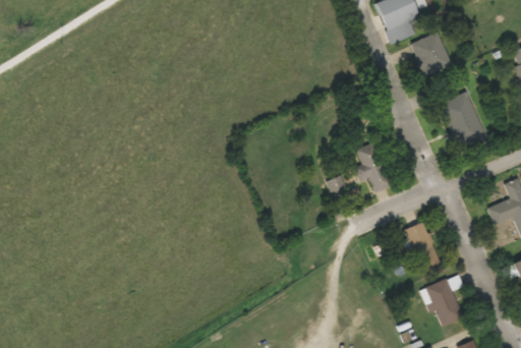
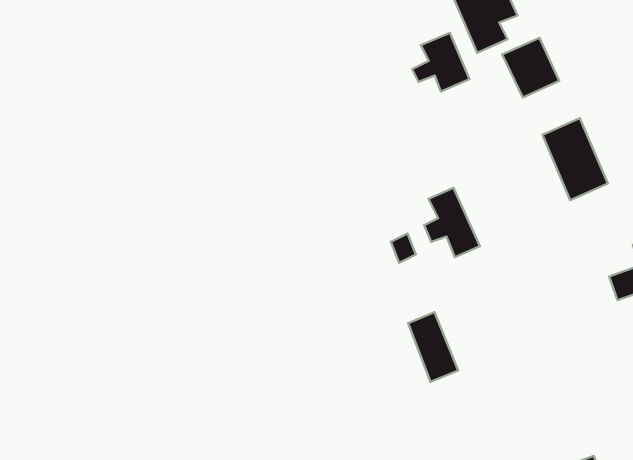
building: none -> [412,33,470,92]
building: [405,222,442,273] -> [408,312,458,382]
building: [422,279,466,327] -> none

